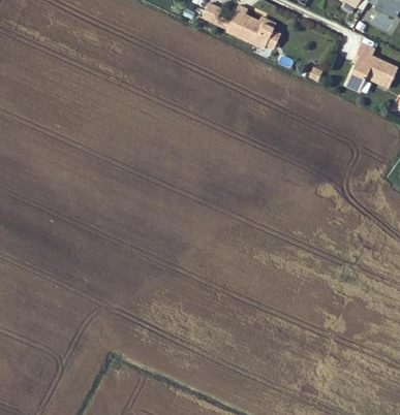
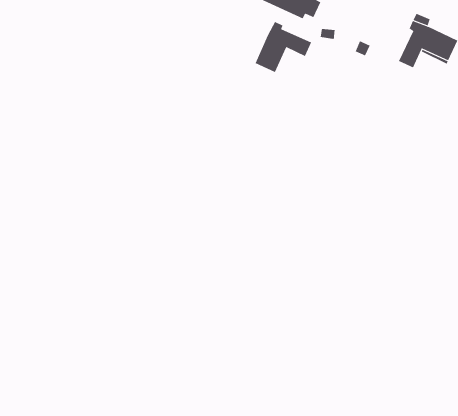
building: none -> [255,21,312,73]

